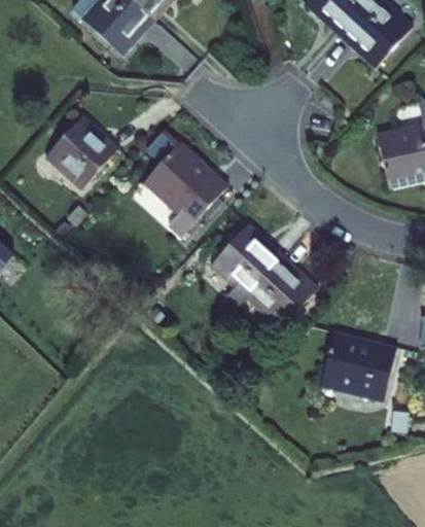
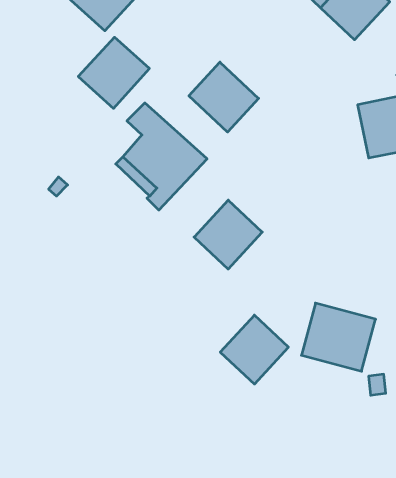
building: none -> [189,62,259,132]
building: [42,113,115,186] -> [78,37,149,108]
building: [247,259,317,330] -> [220,315,288,384]

